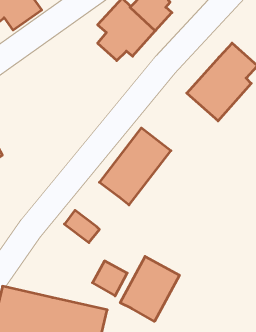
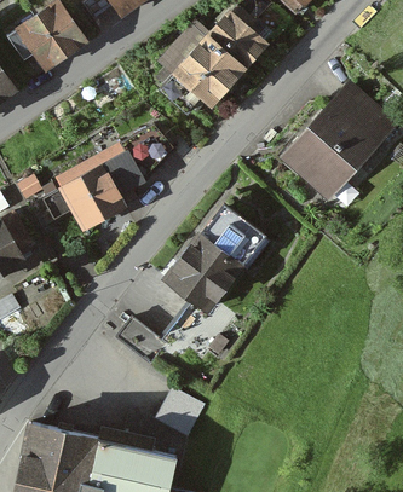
building: none -> [41,126,173,228]
building: [120,256,179,321] -> none

